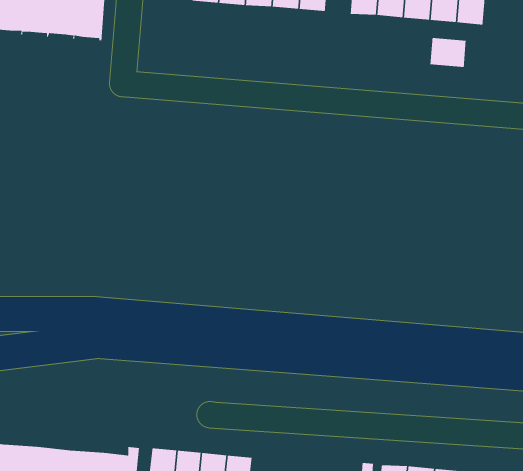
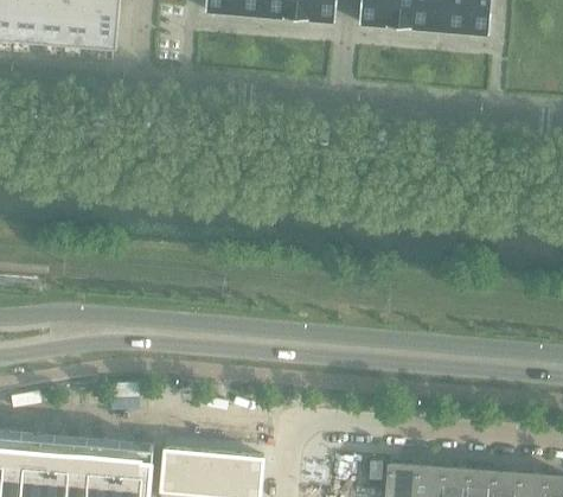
building: [430,37,467,68] -> none

